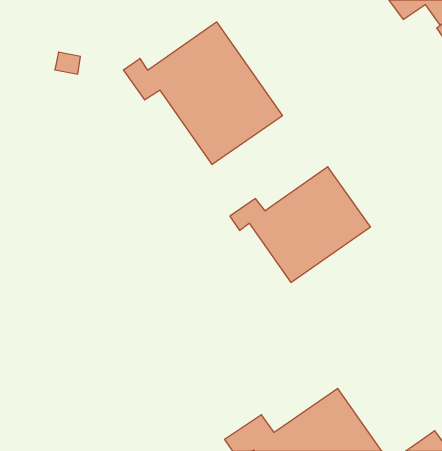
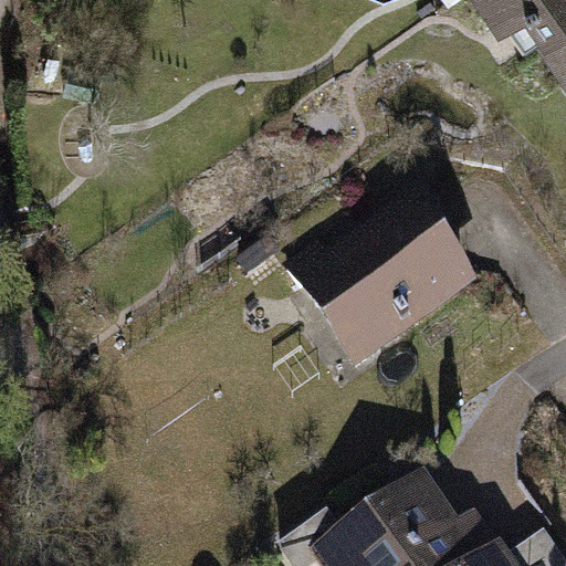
building: [123,22,282,165] -> none

